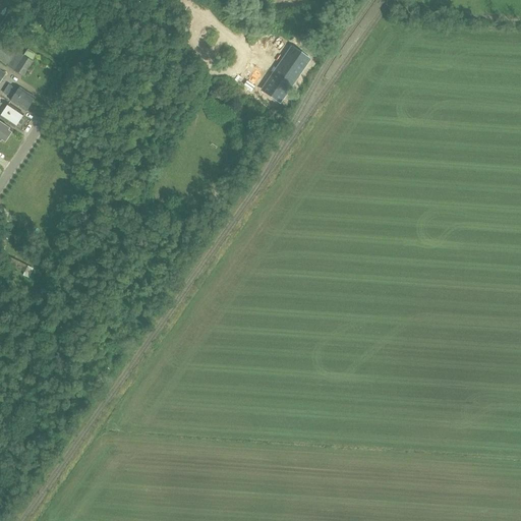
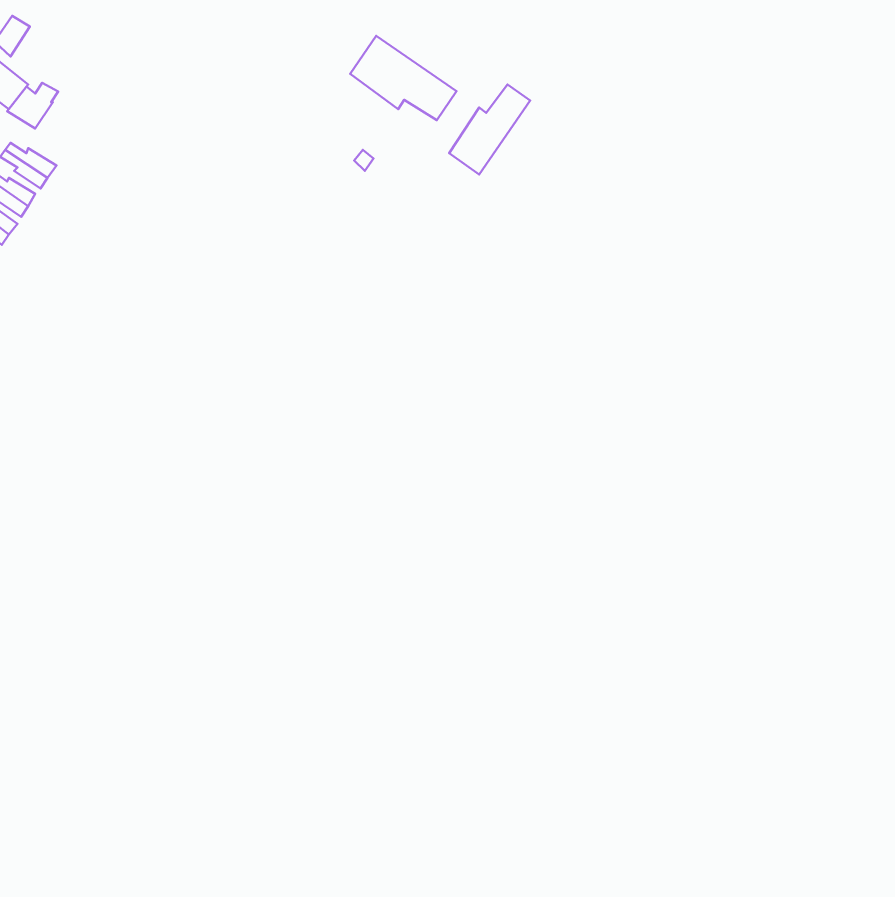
building: none -> [350,36,457,120]

